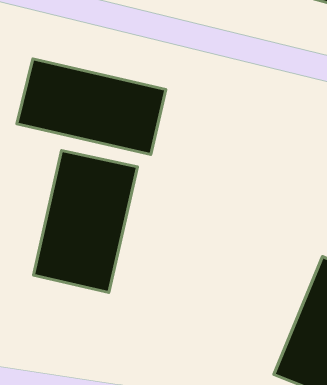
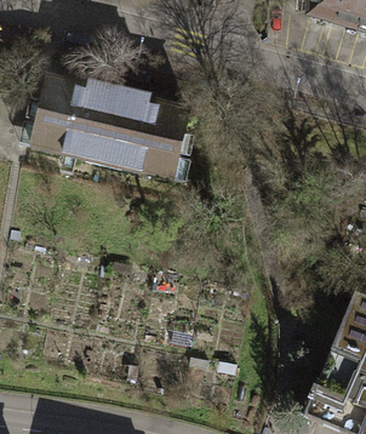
building: [33,151,137,292] -> none

